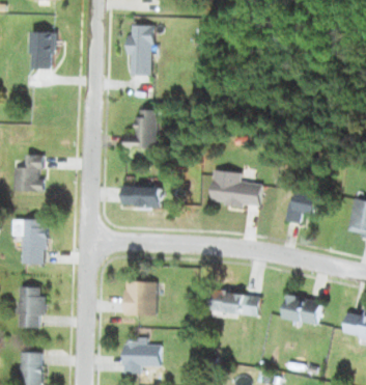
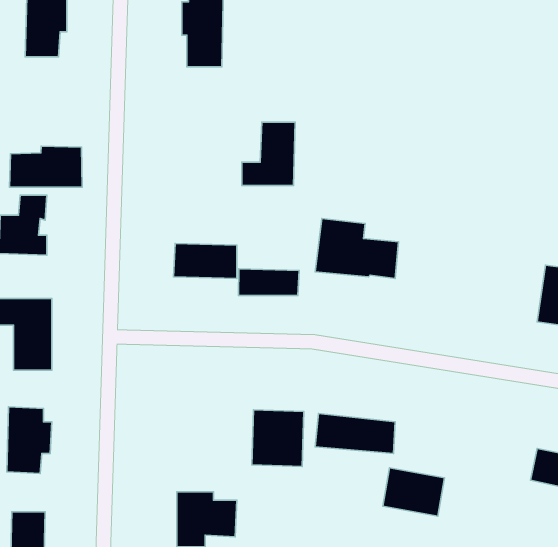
building: [124,109,158,148] -> [242,122,295,185]
building: none -> [9,146,82,187]
building: [284,190,319,223] -> none
building: none -> [239,269,299,296]
building: [124,280,157,315] -> [252,410,304,467]
building: [283,295,321,325] -> [383,468,444,516]

